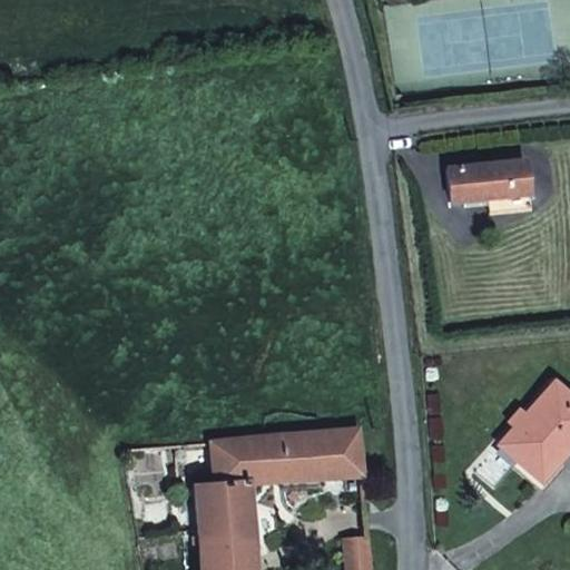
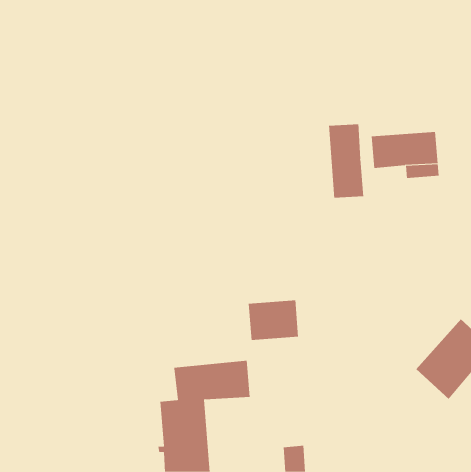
building: none -> [328,124,364,198]
building: [301,429,362,478] -> [248,300,299,340]

